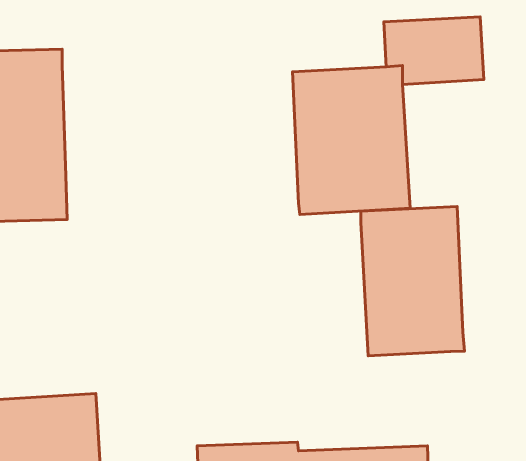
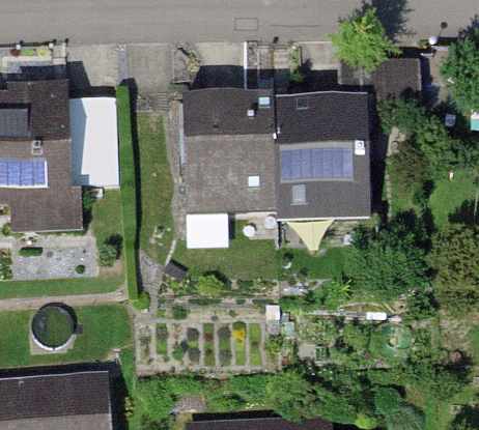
building: none -> [178,92,273,219]
building: none -> [77,98,124,191]
building: [361,206,465,356] -> none

